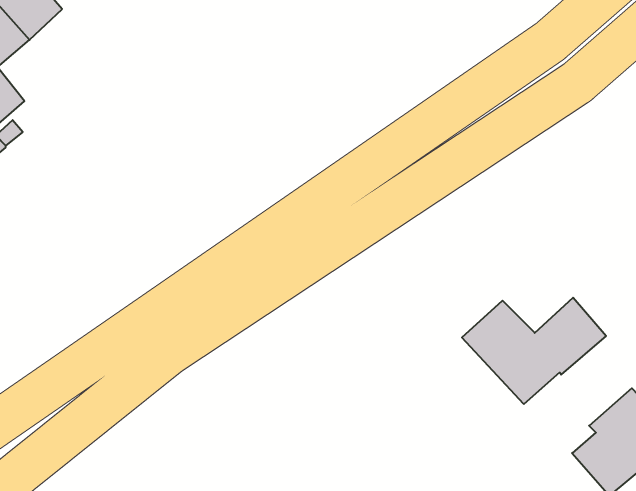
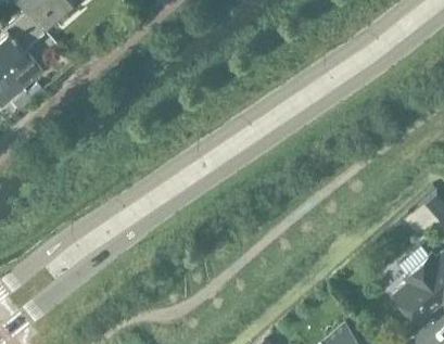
building: [462,298,606,404] -> none

